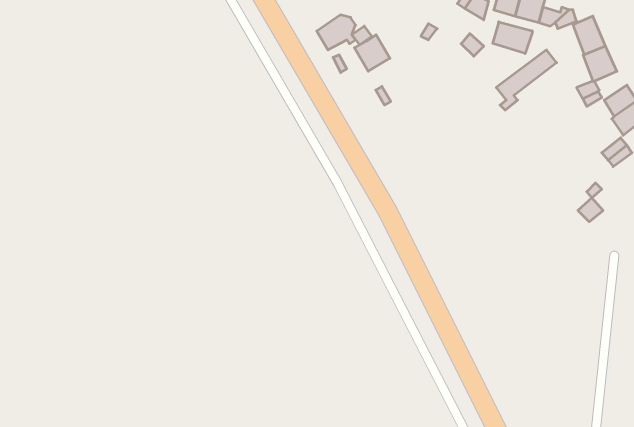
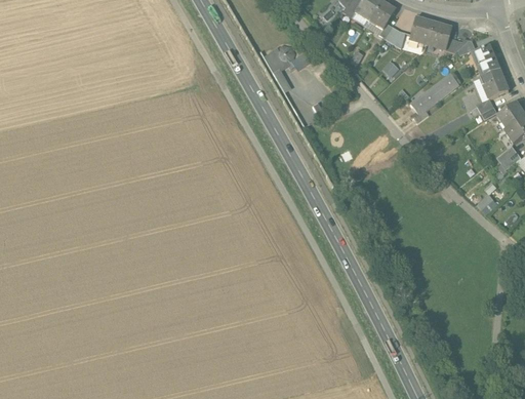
building: [493,22,532,54] -> none
building: [354,35,390,71] -> none

